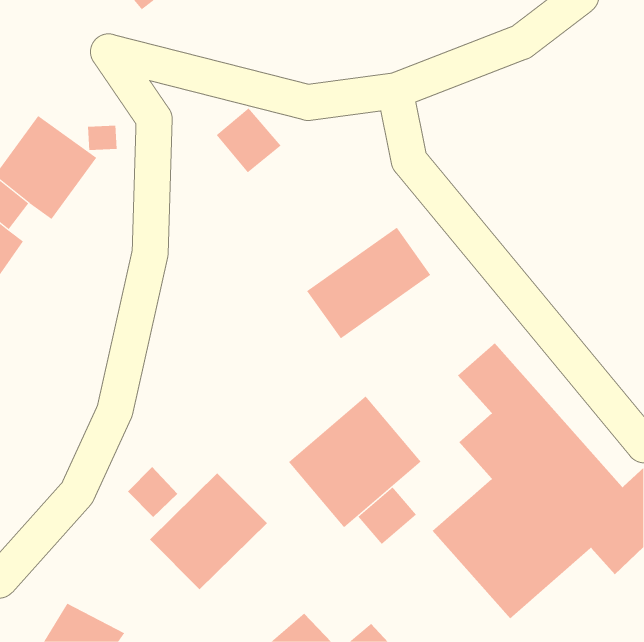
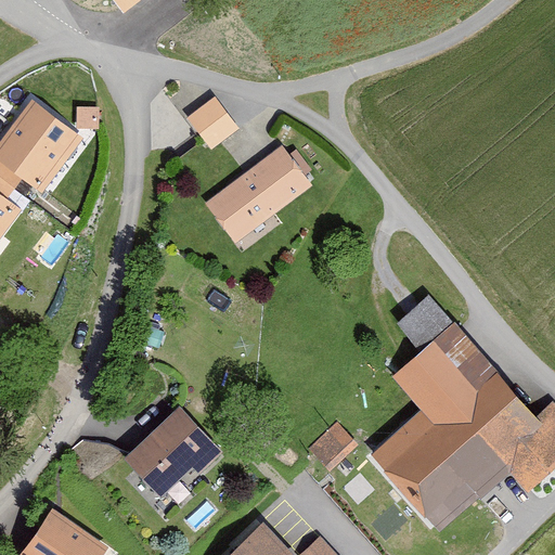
building: [306,227,431,339] -> [204,144,311,241]
building: [288,395,422,528] -> none
building: [127,466,178,518] -> none

